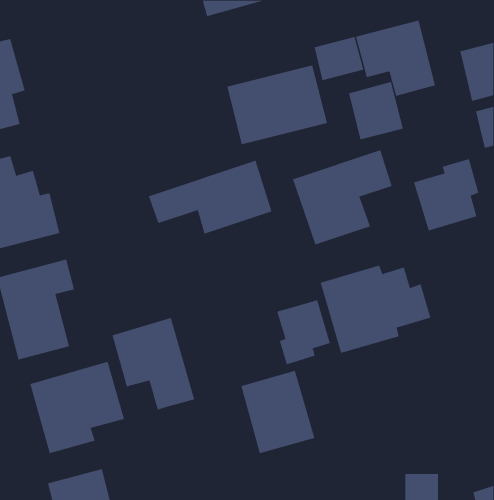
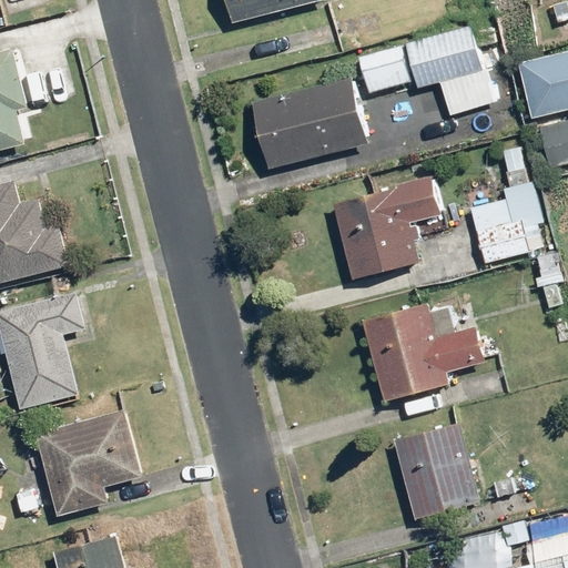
building: [349,81,404,140] -> none
building: [148,160,272,234] -> none
building: [277,299,331,365] -> none
building: [112,317,195,410] -> none
building: [240,370,315,454] -> [395,423,479,517]

